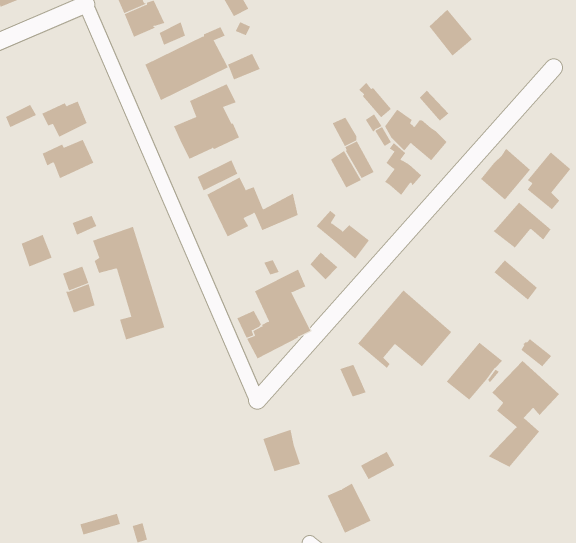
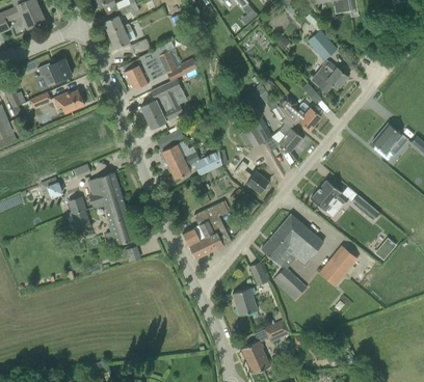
building: none -> [311,62,347,93]
building: [42,139,94,179] -> [37,59,72,85]
building: [480,148,531,201] -> none
building: [493,201,552,249] -> [310,180,348,211]
building: [488,360,560,468] -> none
building: none -> [272,268,306,300]
building: [263,429,301,472] -> [232,288,257,316]

